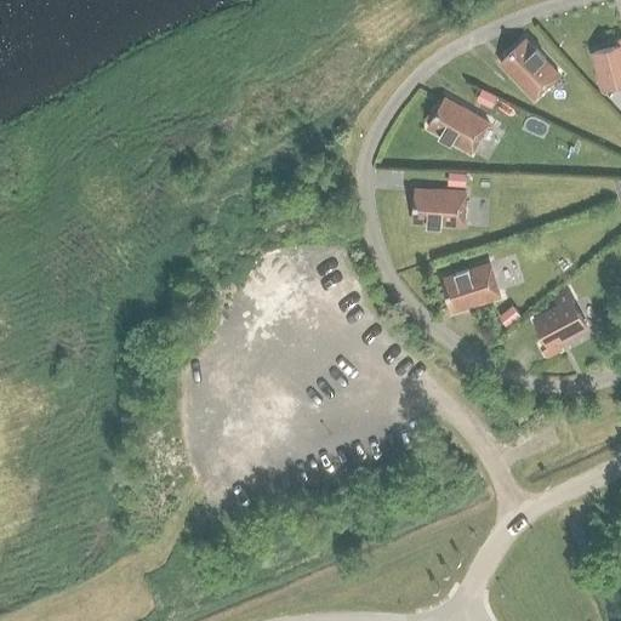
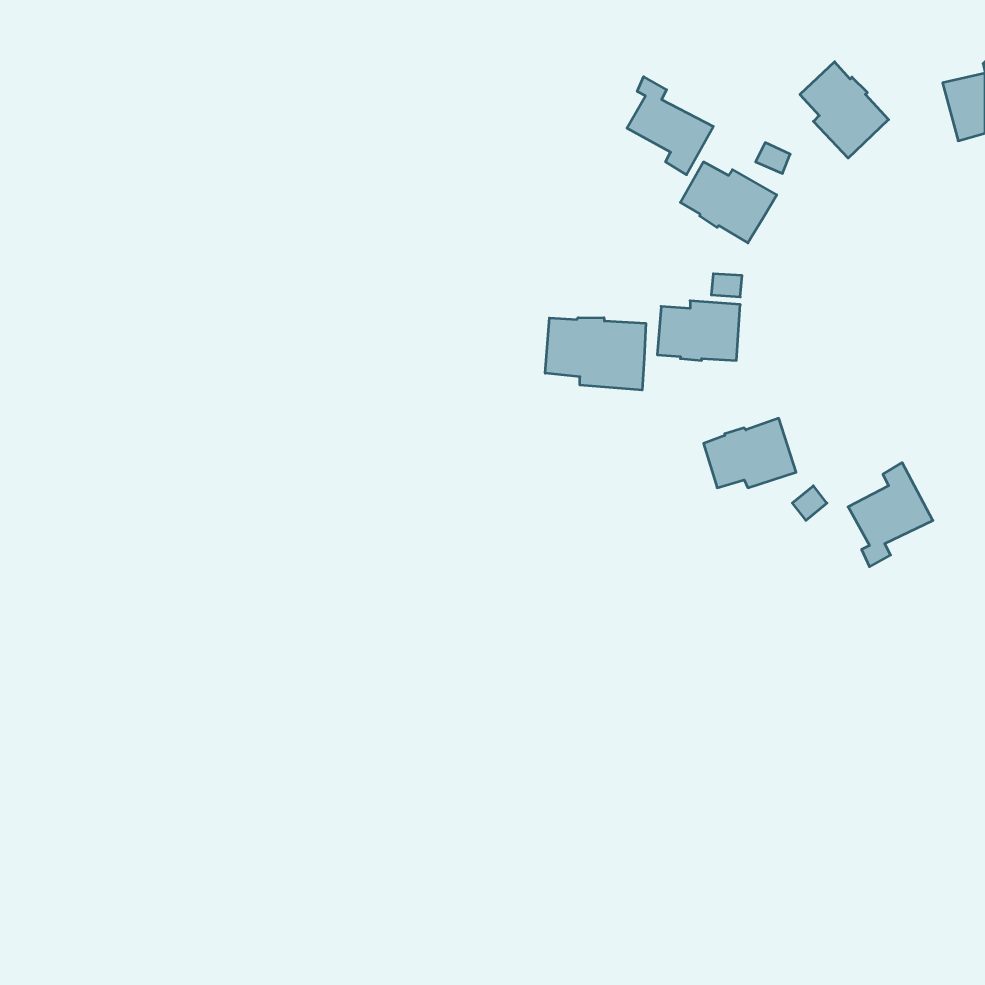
building: none -> [627,77,713,175]
building: none -> [545,318,646,390]

